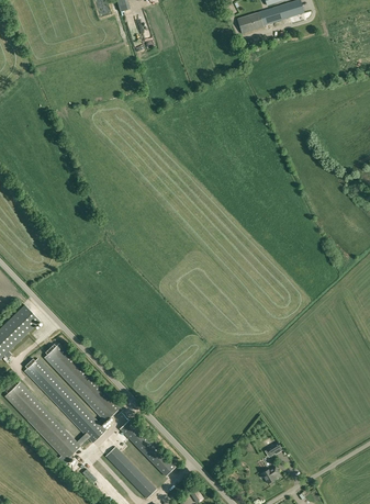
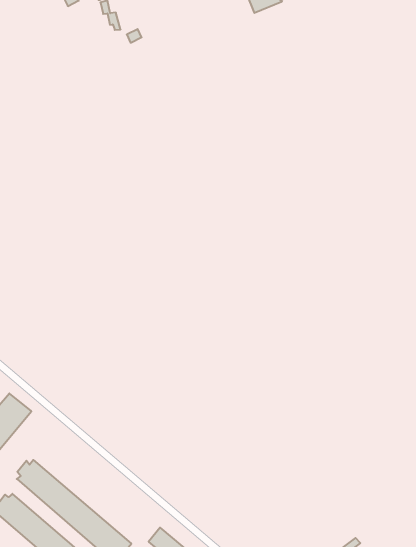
building: [44,344,122,423] -> none

